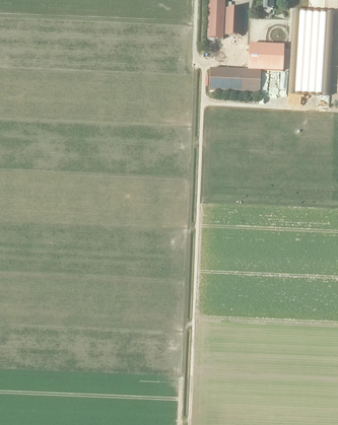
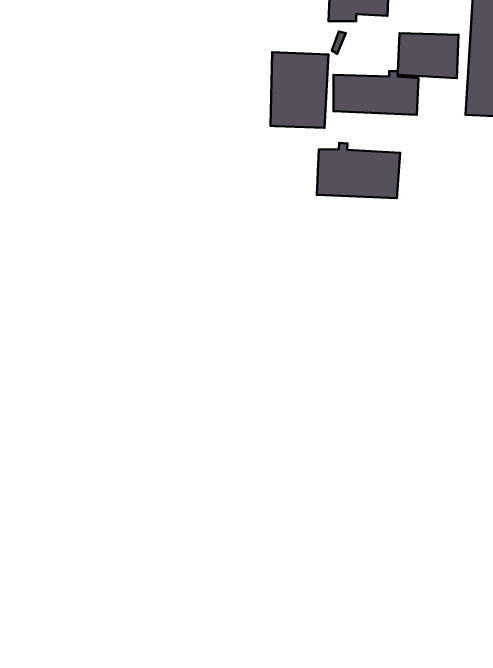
building: none -> [271,52,328,128]
building: none -> [317,143,400,198]

